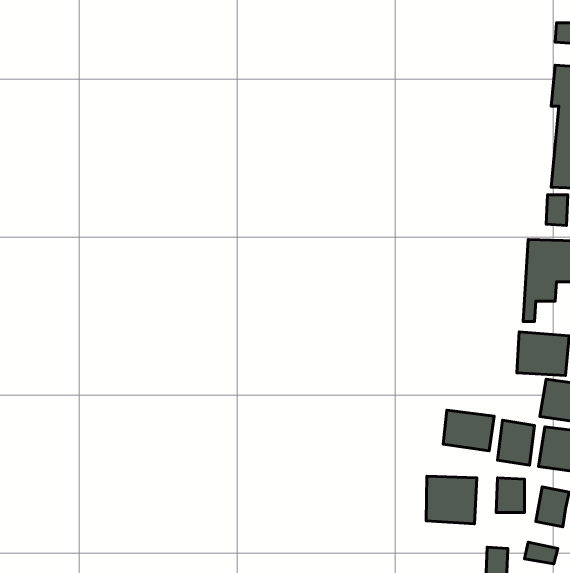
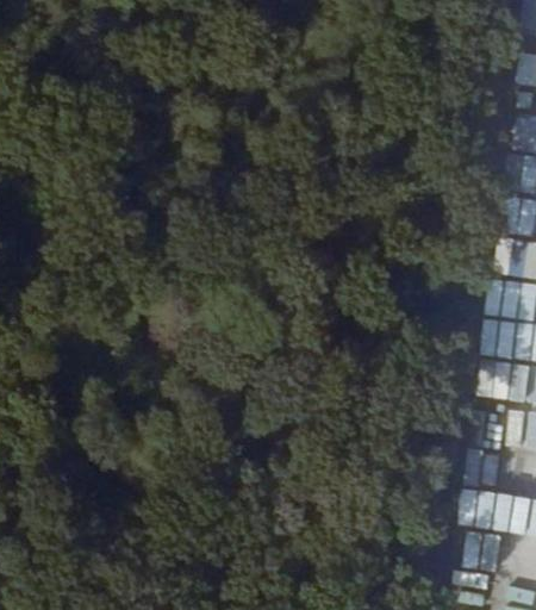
building: [443,410,494,451] -> none
building: [426,476,477,524] -> none

